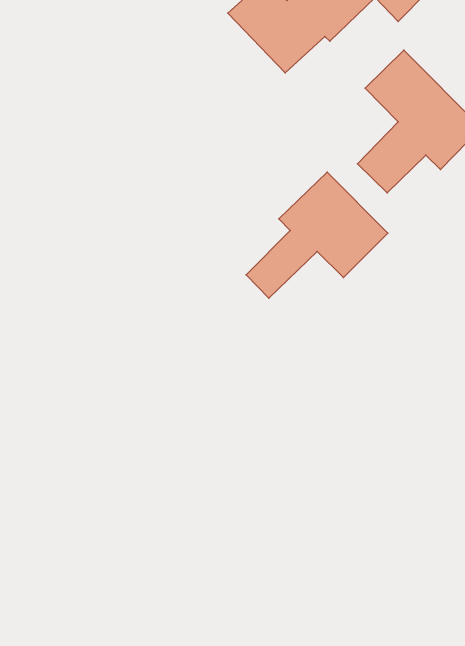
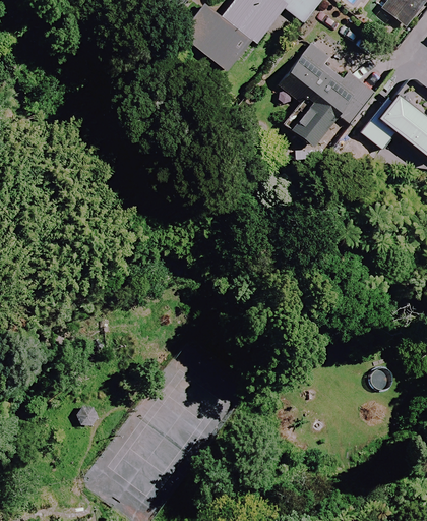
building: [246,172,388,298] -> none

